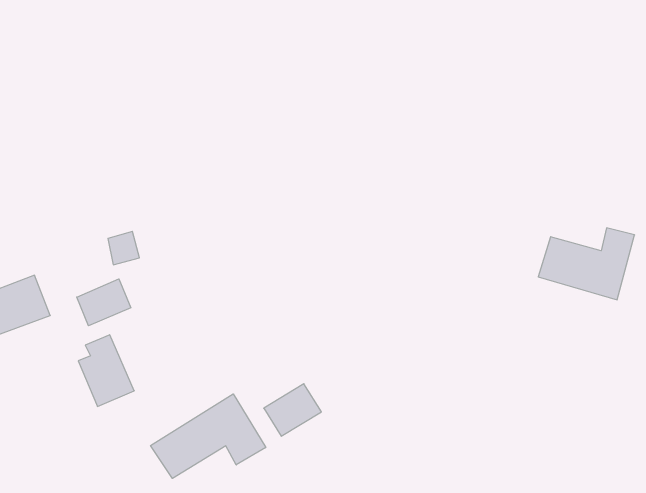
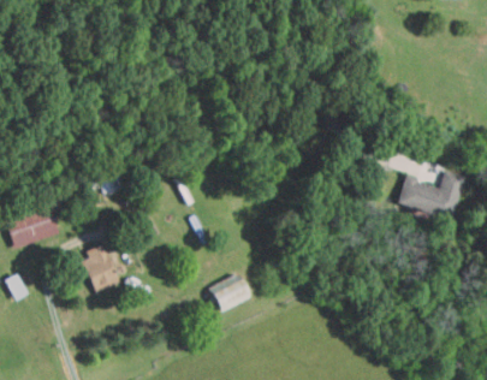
building: [77,279,131,326] -> none
building: [151,394,266,478] -> none

